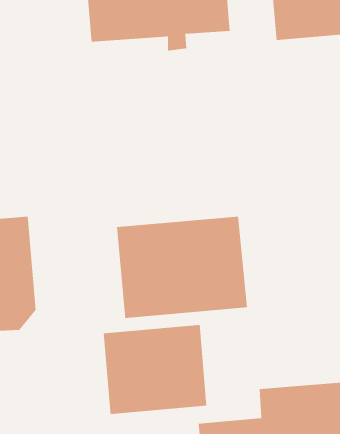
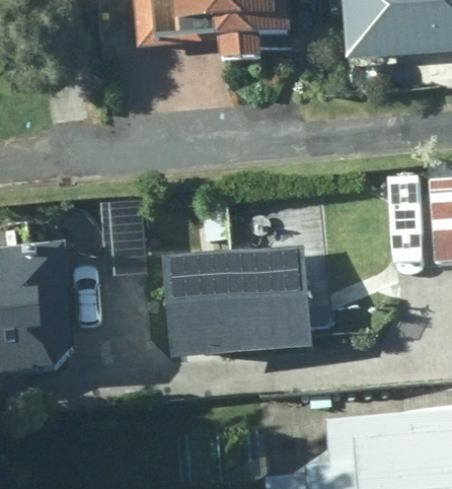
building: [103,324,207,415] -> none

